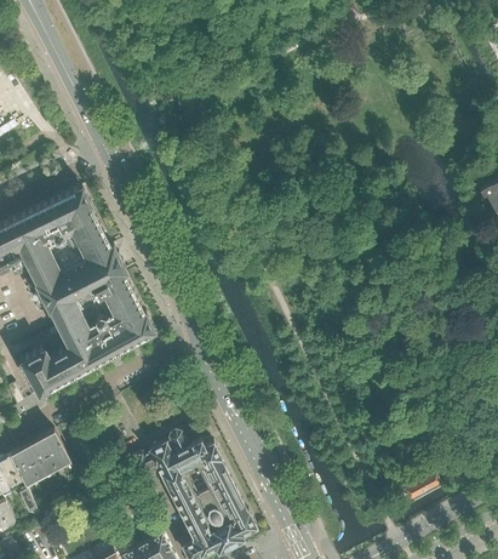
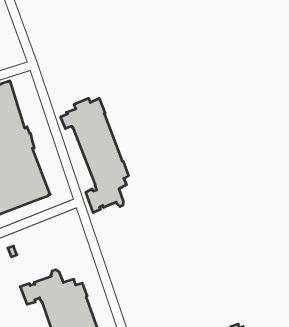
building: none -> [61,98,128,213]

